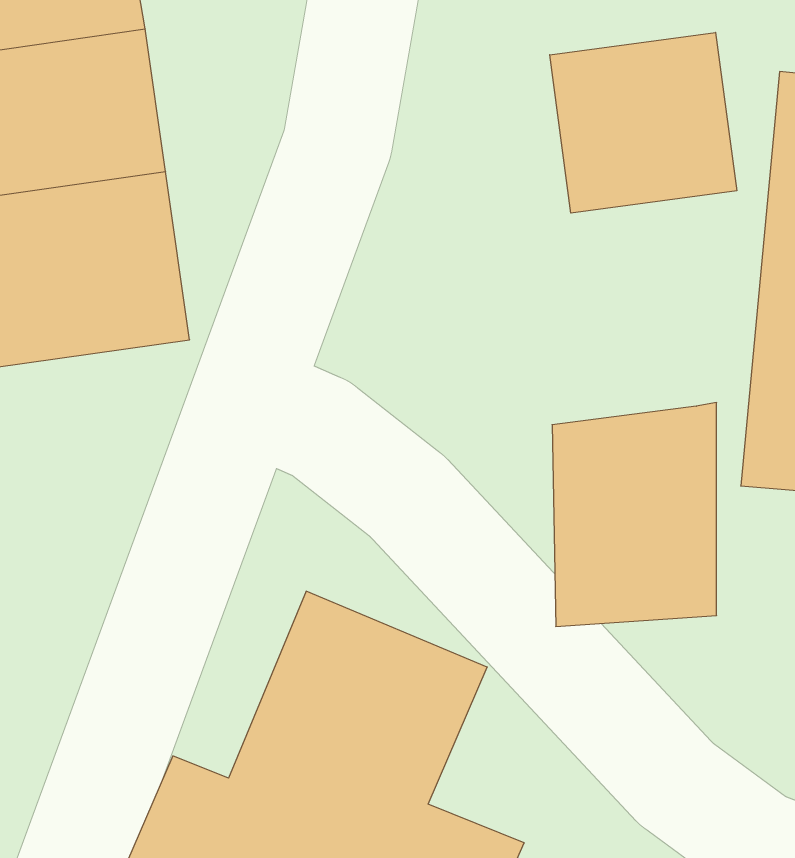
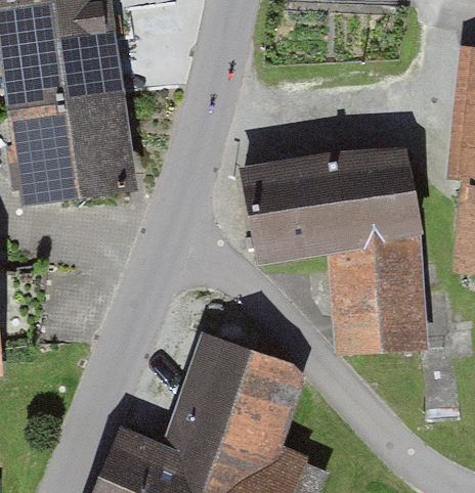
building: [550,32,737,213] -> none
building: none -> [236,148,416,253]

